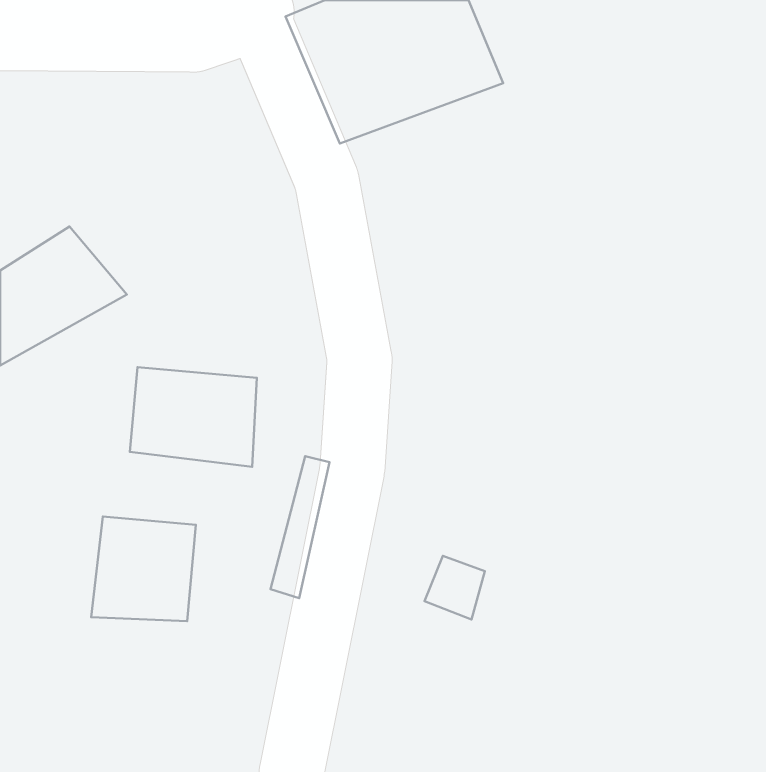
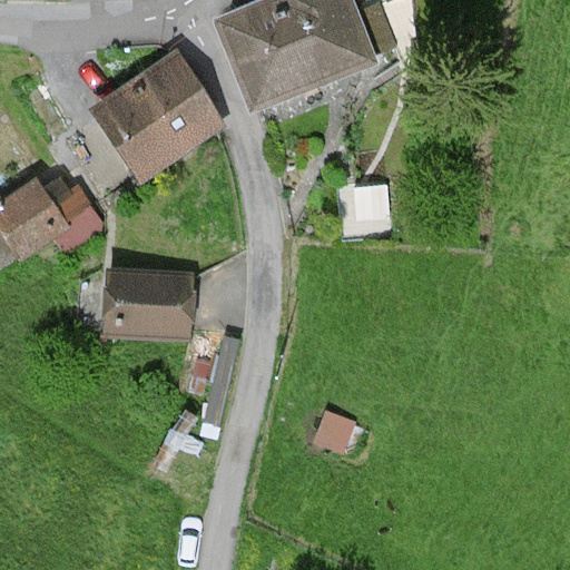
building: none -> [87,47,223,179]
building: [91,516,196,621] -> none

